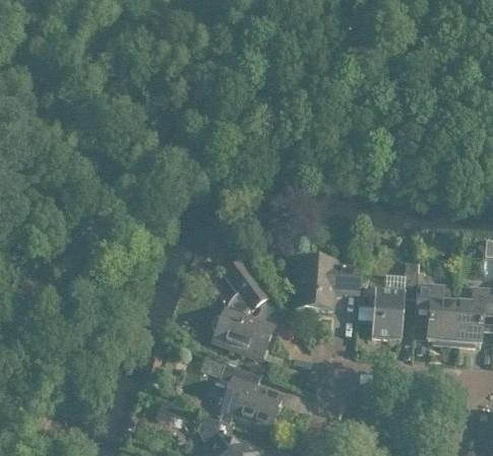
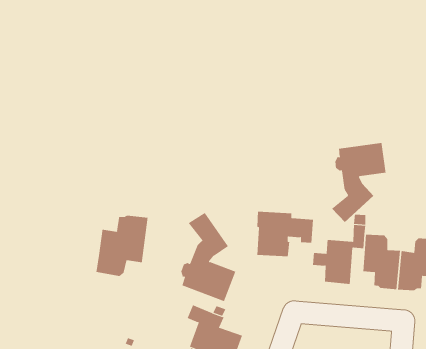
building: none -> [331,142,386,223]
building: none -> [96,215,148,277]

